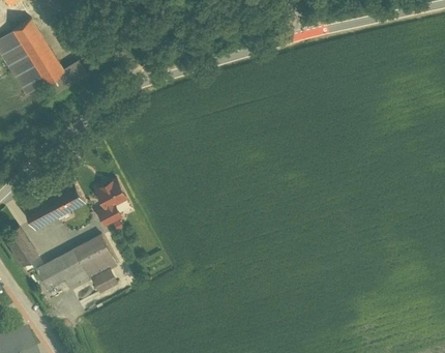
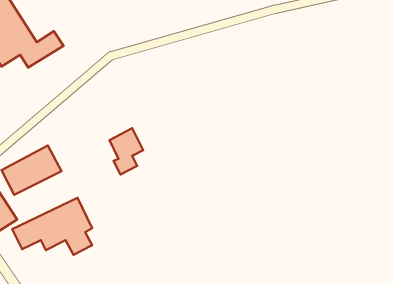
building: [93,175,128,224] -> [110,128,143,175]

